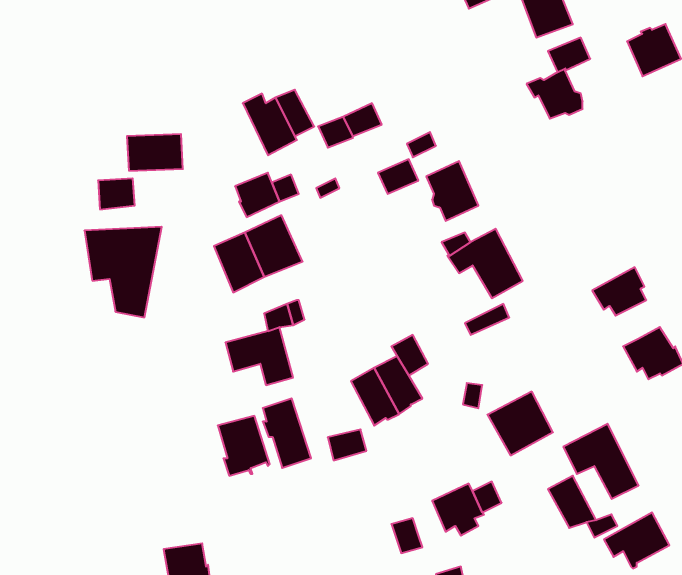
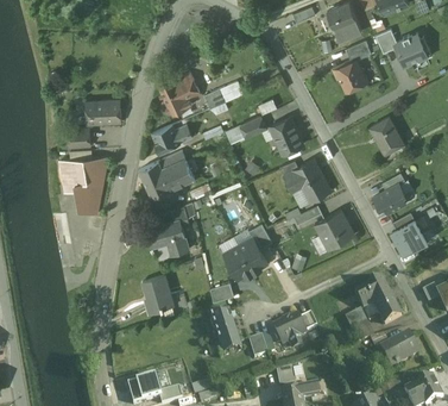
building: none -> [370,118,403,155]
building: [487,392,553,455] -> [314,211,354,250]
building: [263,398,311,468] -> [209,308,239,351]

